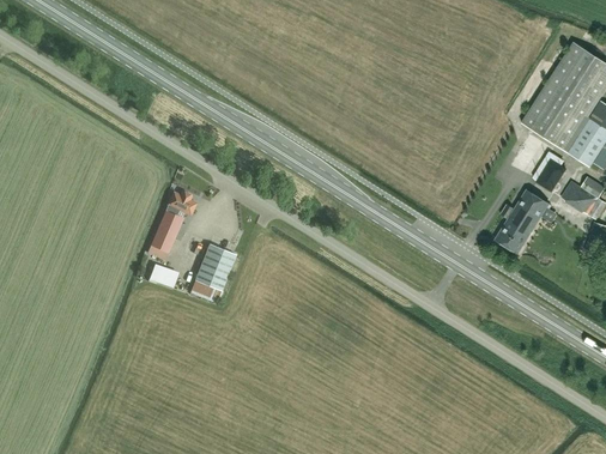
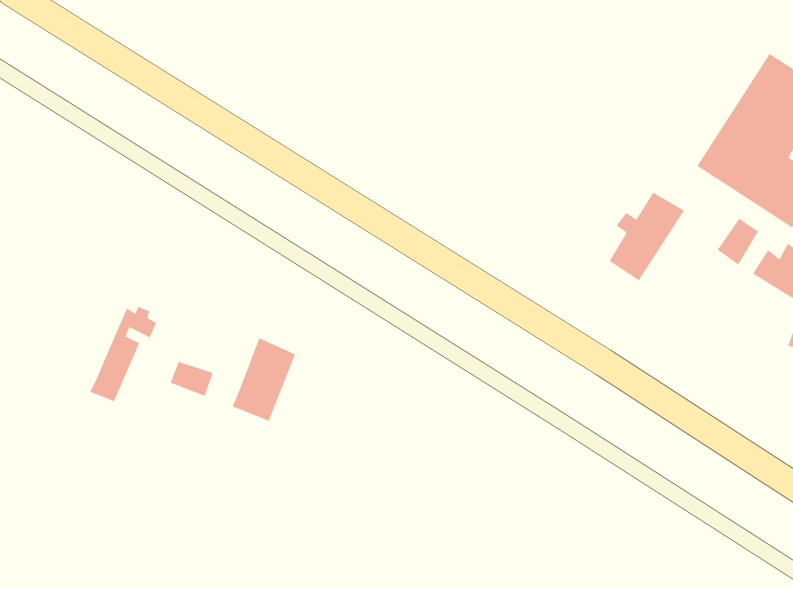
building: [495,189,549,253] -> [609,192,685,281]
building: [147,192,195,260] -> [89,306,157,402]

